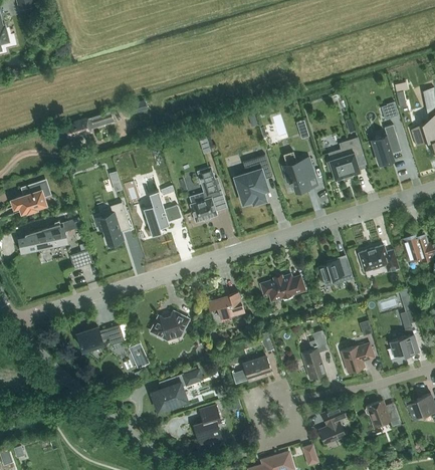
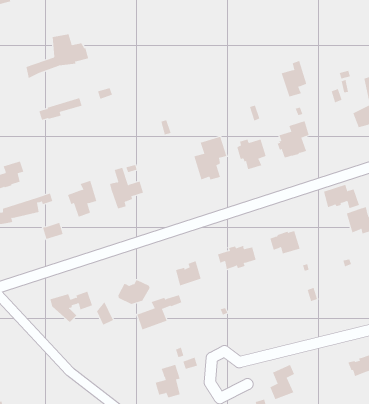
building: none -> [26,34,89,79]
building: [372,125,401,165] -> [281,60,307,97]
building: [190,167,224,222] -> none
building: [359,245,399,272] -> [323,184,360,209]
building: [387,309,418,359] -> none
building: [301,330,329,379] -> none
building: [342,343,374,373] -> none
building: [243,356,271,381] -> none
building: [152,371,202,410] -> [136,294,182,330]
building: [365,400,401,428] -> none

